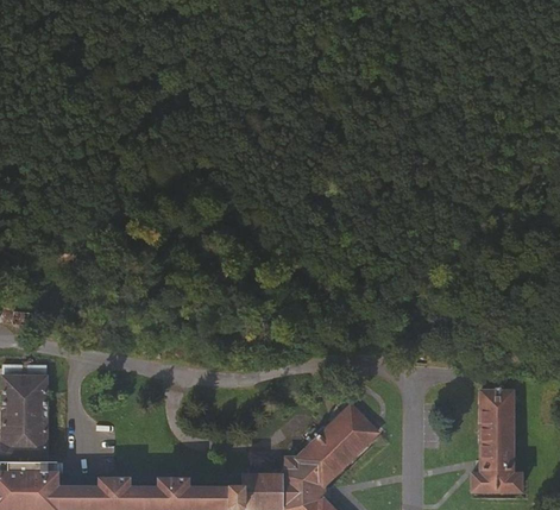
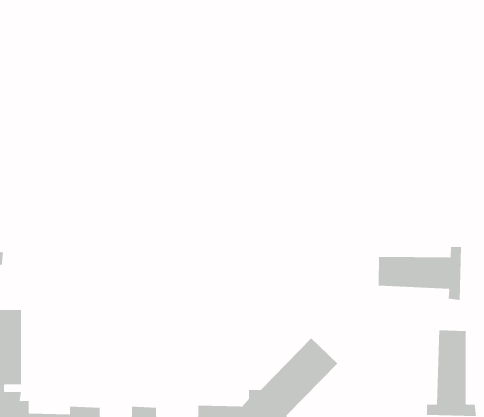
building: none -> [378,246,461,301]

